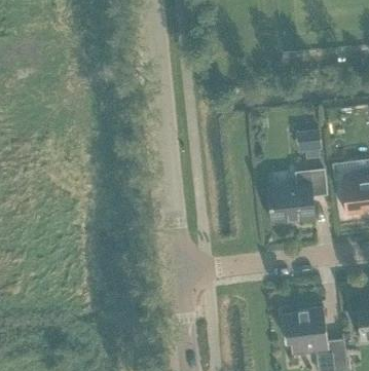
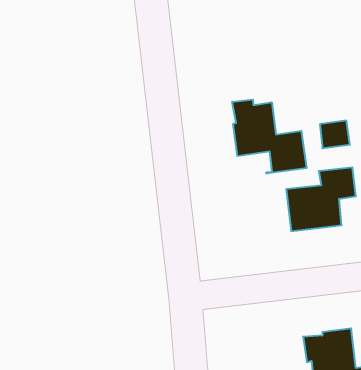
building: none -> [232,100,307,174]

